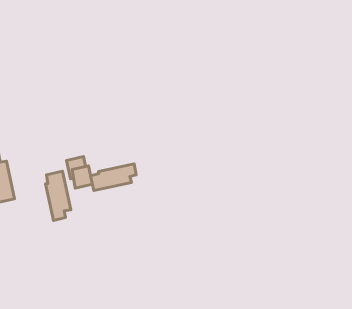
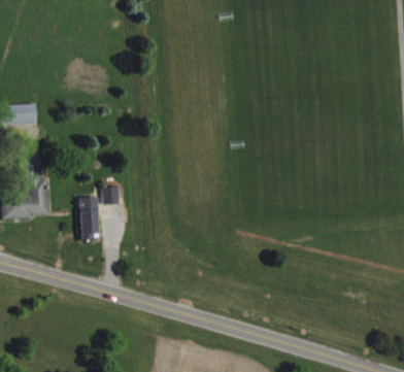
building: [91,164,136,191] -> none

